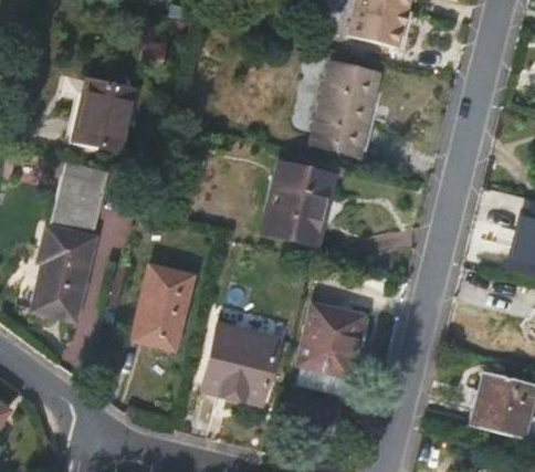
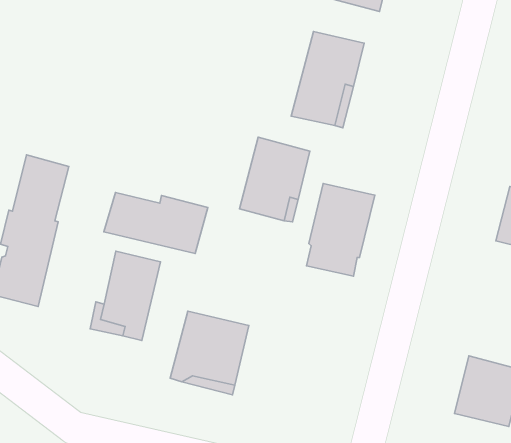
building: [70,78,133,151] -> none
building: none -> [104,192,208,254]
building: [296,306,360,394] -> [307,183,375,276]

